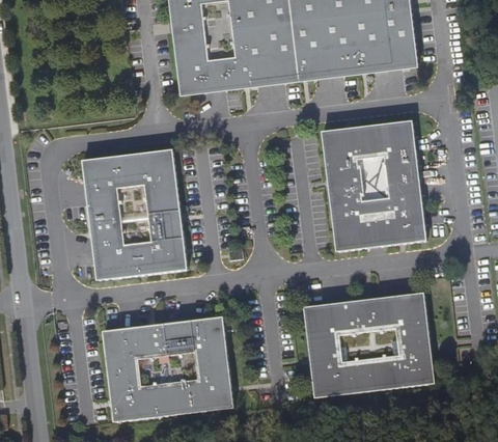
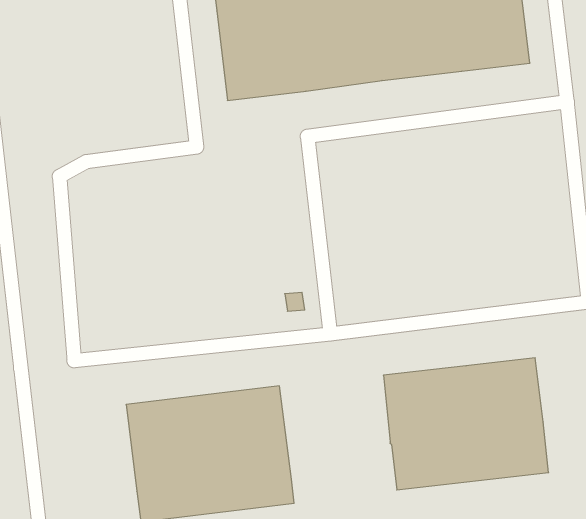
building: [320,121,424,252] -> none
building: [82,149,186,279] -> none

